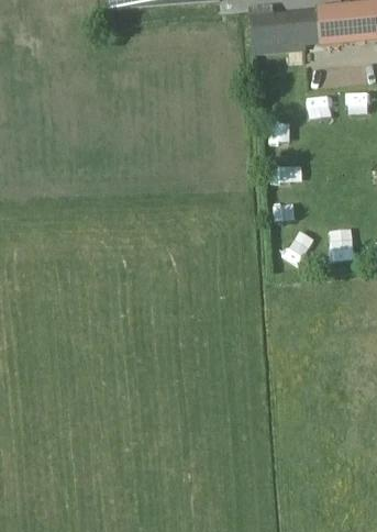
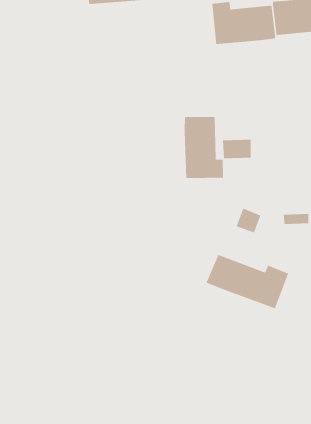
building: none -> [184,116,224,179]
building: none -> [206,254,289,309]

